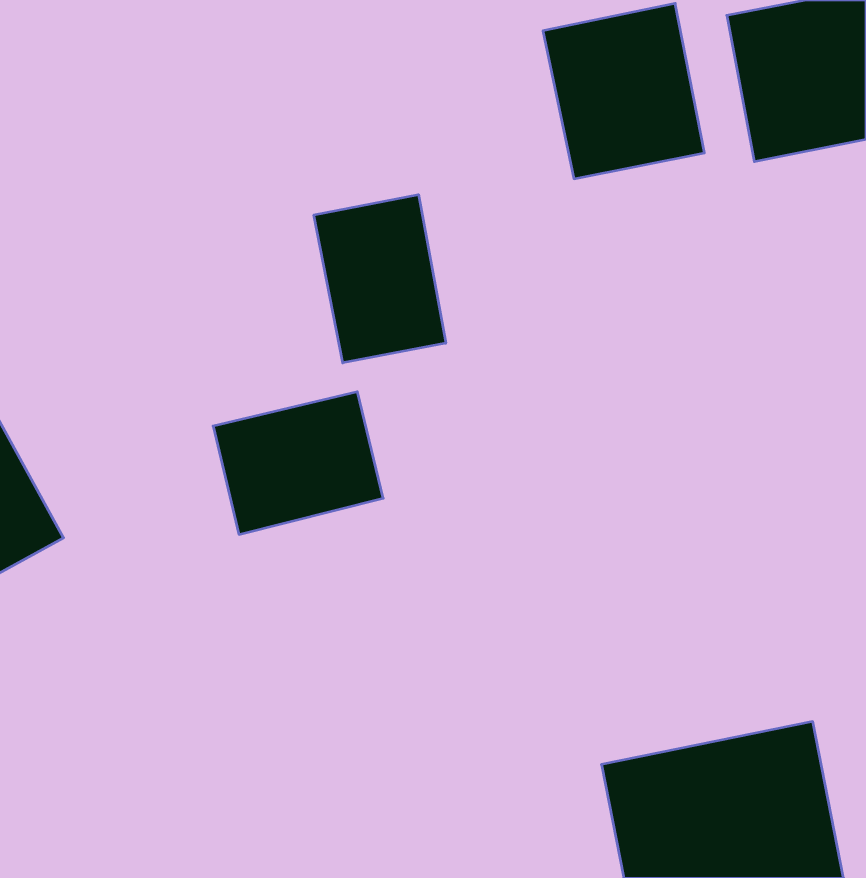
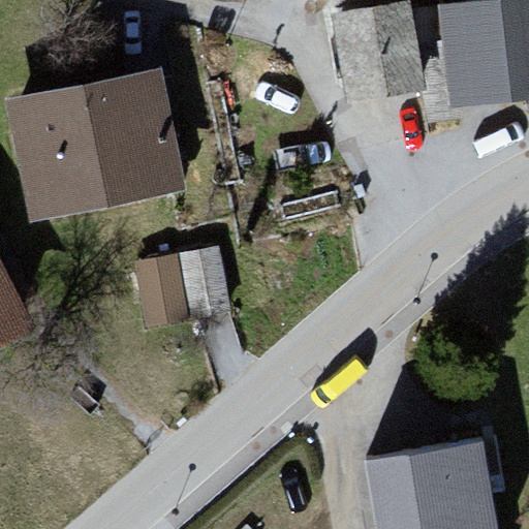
building: none -> [4,71,187,225]
building: [314,195,446,363] -> none

